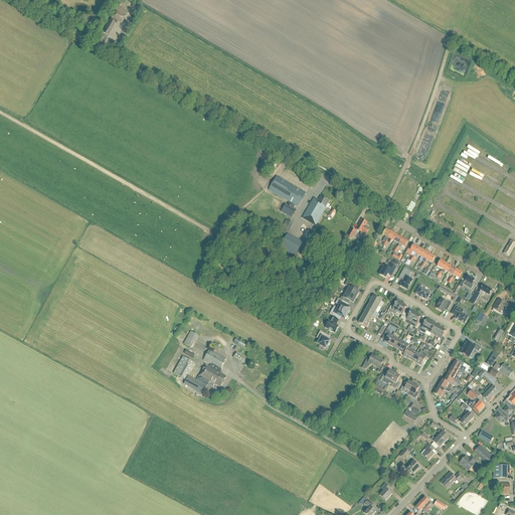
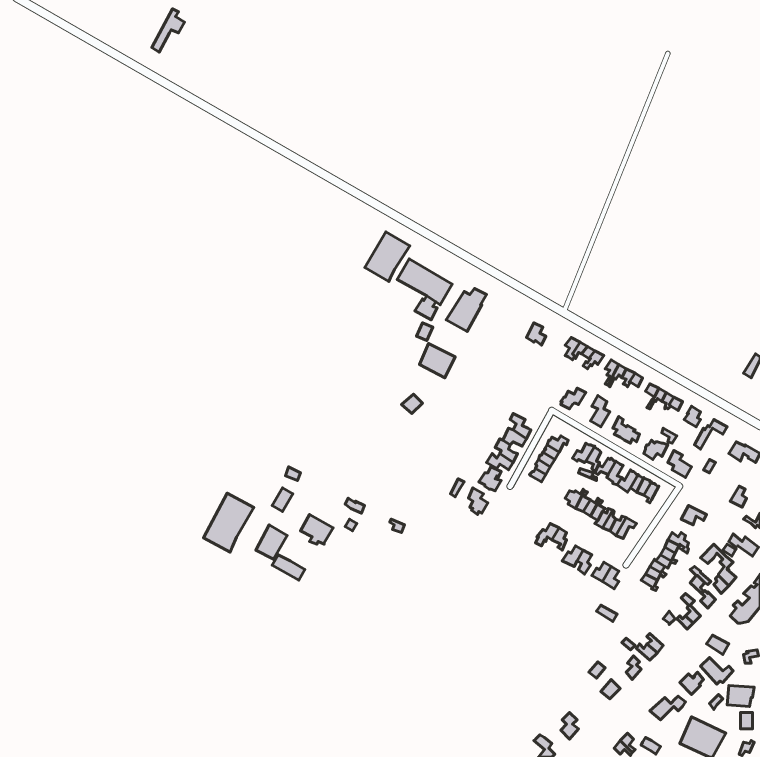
building: none -> [365,232,410,282]
building: none -> [204,493,254,552]
building: [196,363,226,386] -> none

